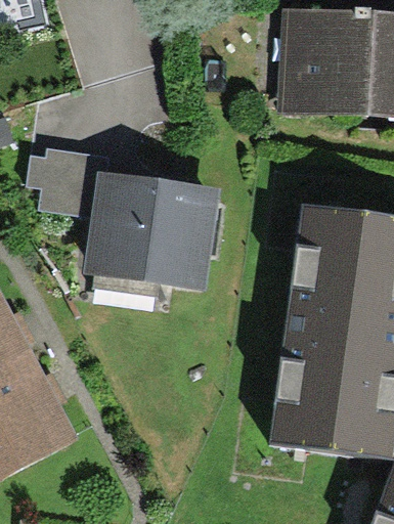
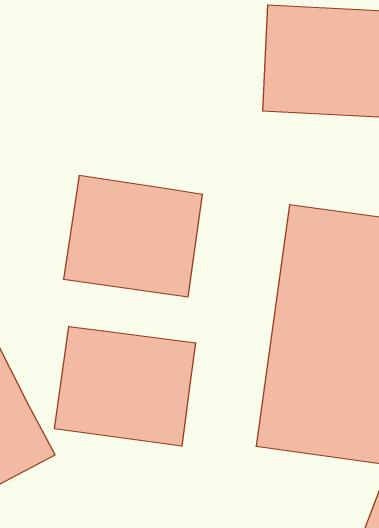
building: [27,144,101,214] -> none
building: none -> [54,326,195,446]

